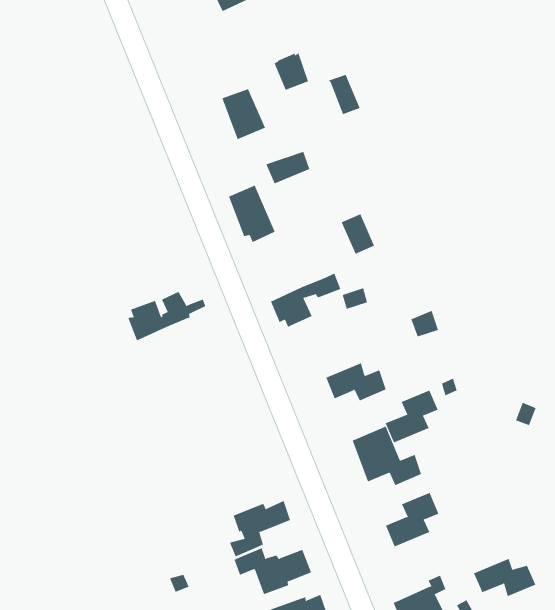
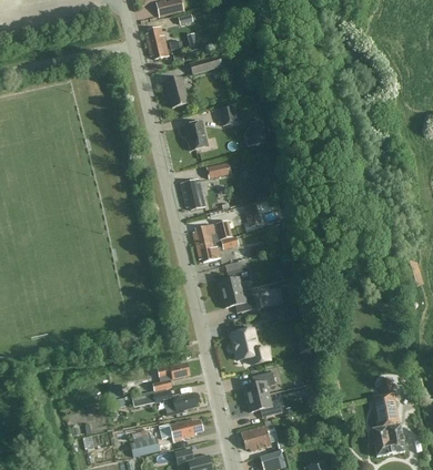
building: none -> [164,75,190,106]
building: [127,291,206,341] -> [193,219,240,245]
building: [385,390,438,443] -> [219,266,251,294]
building: [473,558,536,597] -> [248,392,283,415]

